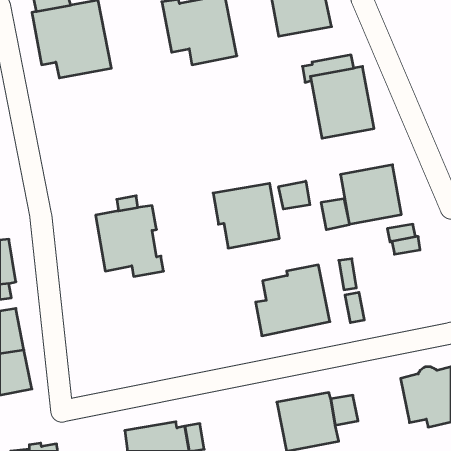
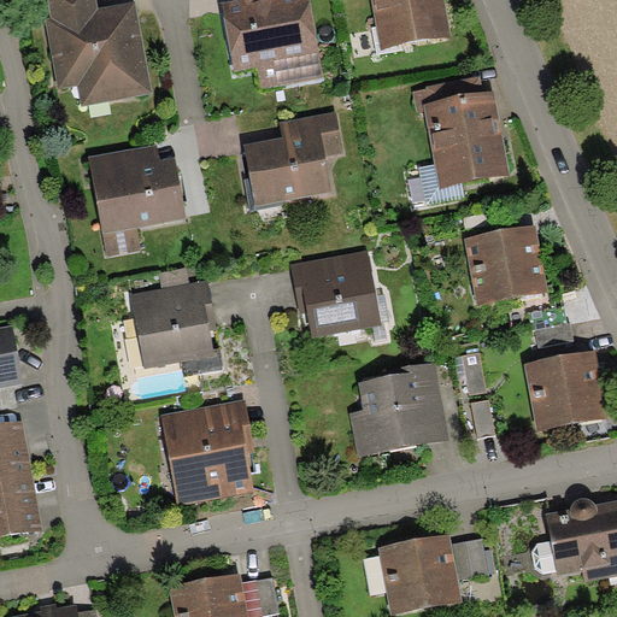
building: none -> [243,111,343,205]
building: none -> [88,142,186,255]
building: [279,181,310,209] -> none
building: [321,198,349,230] -> none
building: none -> [523,351,605,430]
building: none -> [160,398,255,505]

